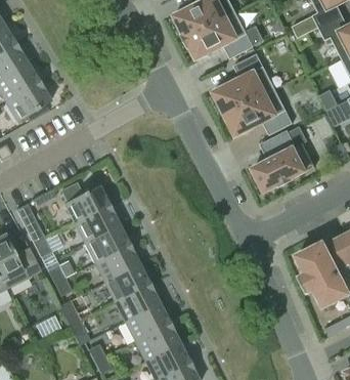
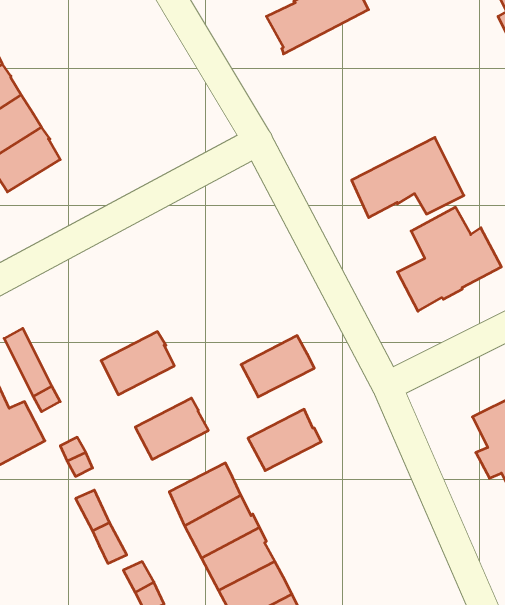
building: [183,10,253,58] -> none
building: [213,52,274,113] -> none
building: [60,181,107,221] -> none
building: [84,224,128,261] -> [241,336,314,397]
building: [104,263,148,300] -> [248,409,321,471]

